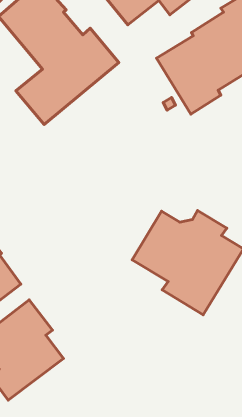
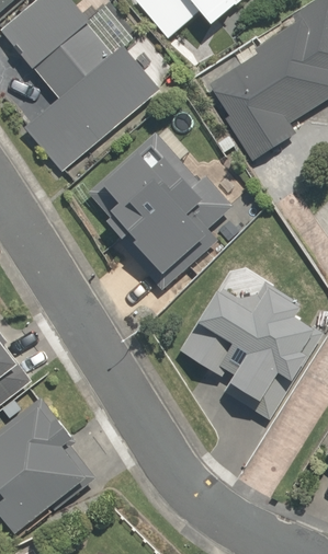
building: none -> [87,134,231,288]

